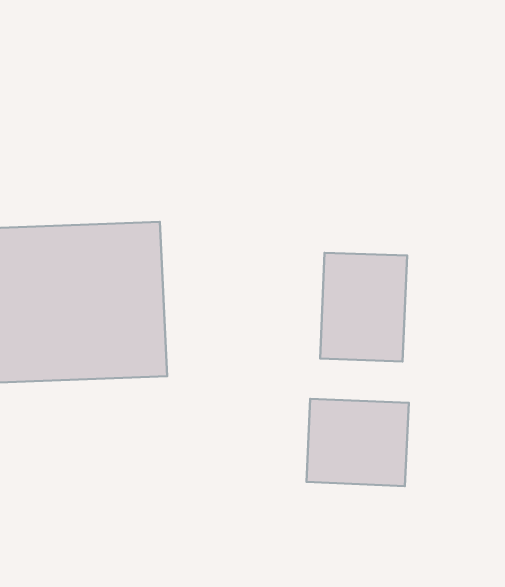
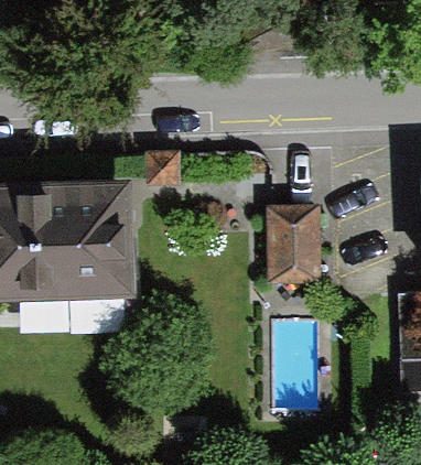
building: [306,399,409,486] -> none

